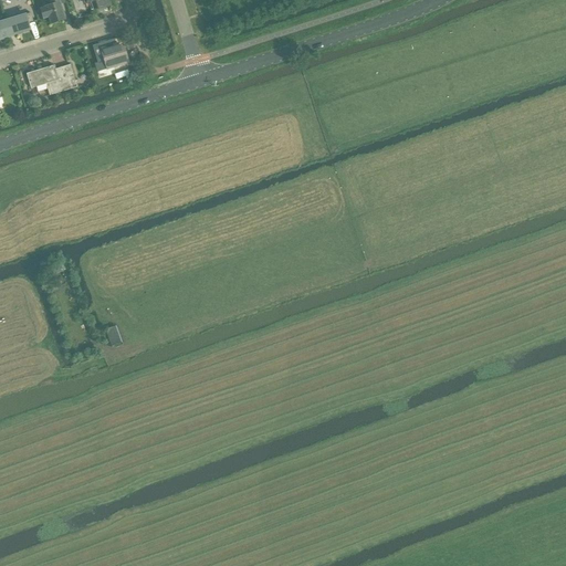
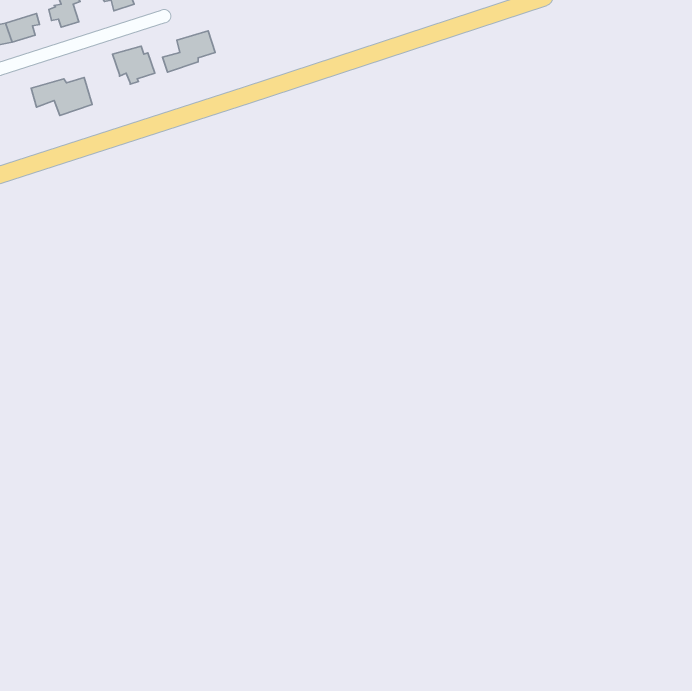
building: none -> [162,31,215,72]

